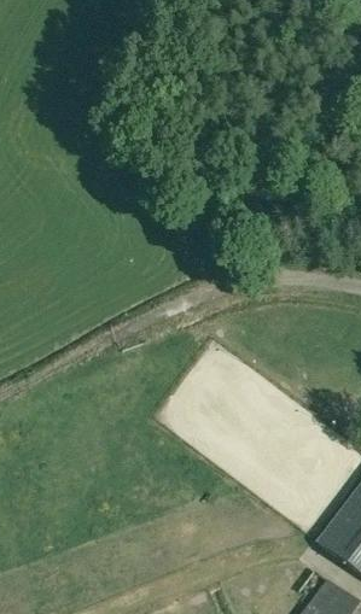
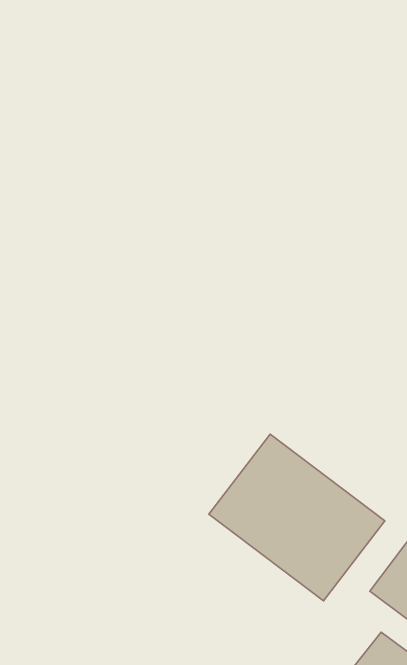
building: none -> [209,434,385,601]

